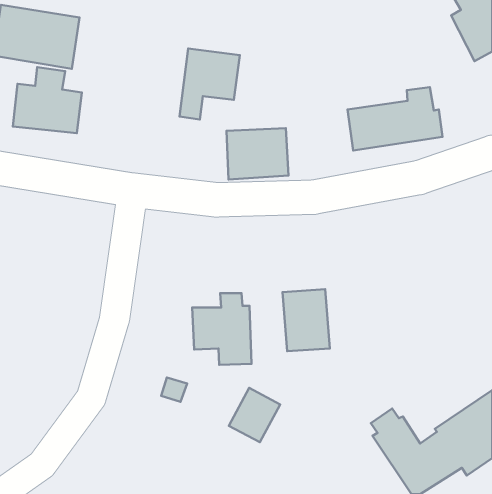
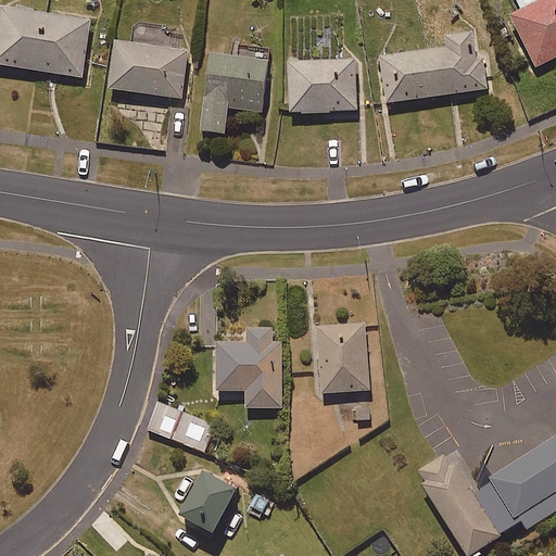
building: [13,67,82,133] -> [110,24,187,98]
building: [347,87,443,150] -> [380,33,486,103]
building: [227,128,289,179] -> [288,56,357,114]
building: [229,388,280,442] -> [181,472,239,533]

